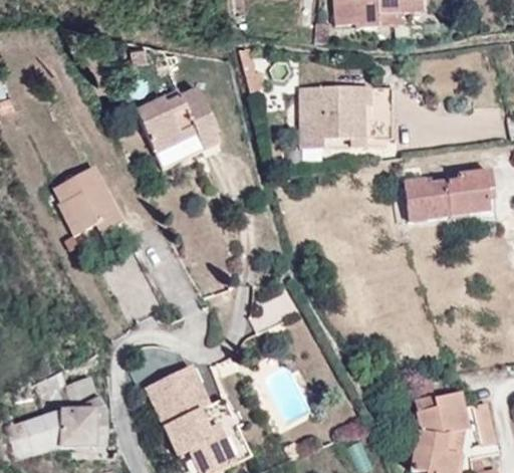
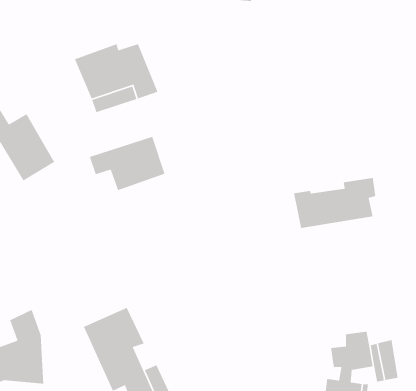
building: [300,82,391,144] -> none
building: [406,166,496,222] -> [293,177,376,229]
building: none -> [89,136,166,191]

